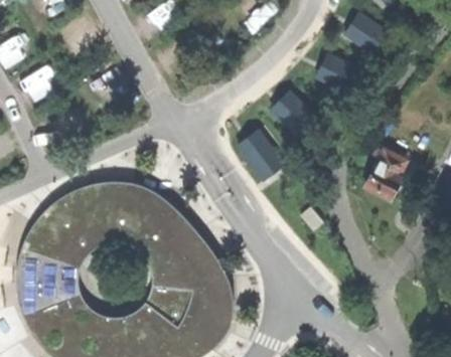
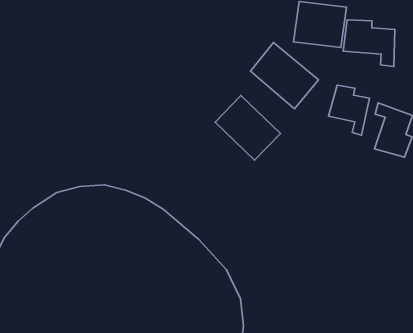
building: none -> [343,20,395,66]
building: none -> [329,85,369,135]

